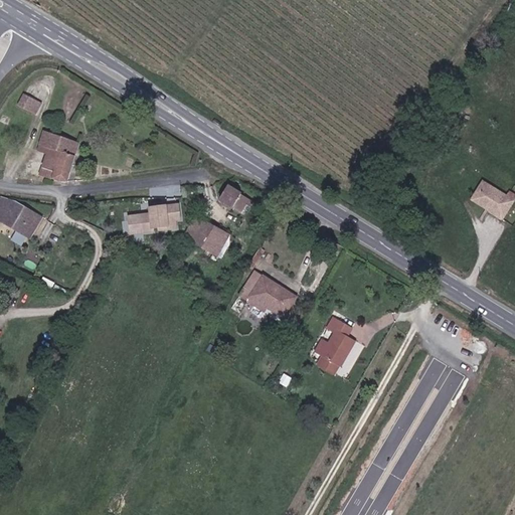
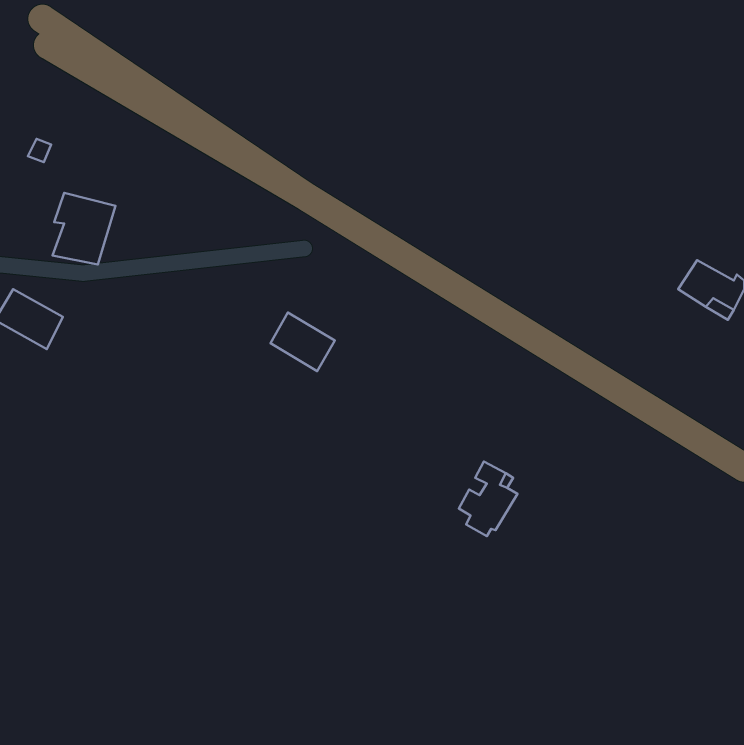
building: [220,186,253,212] -> none
building: [124,202,178,233] -> none
building: [238,270,296,316] -> none

